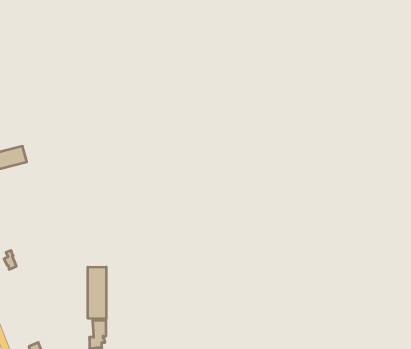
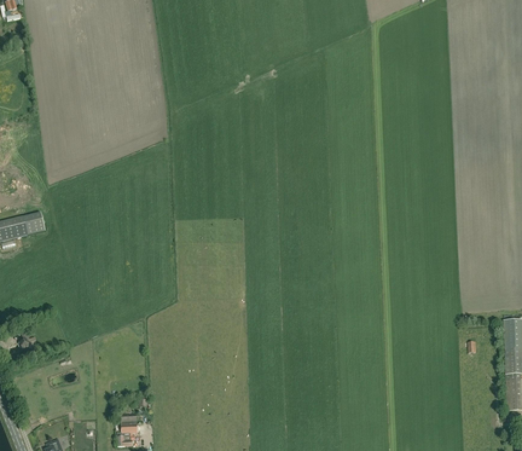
building: [88,267,106,319] -> none

